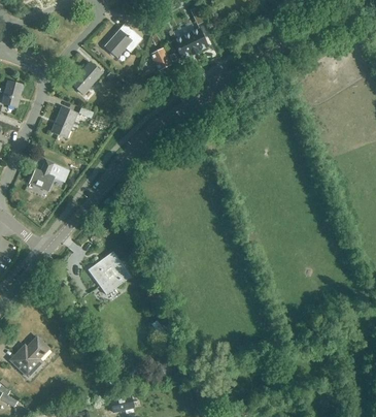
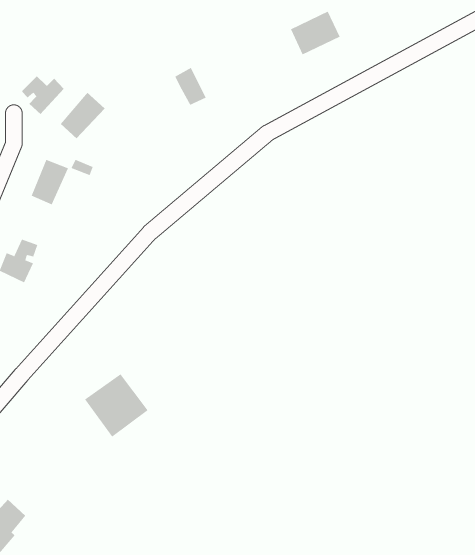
building: [104,24,142,58] -> none
building: [173,29,207,59] -> [290,11,340,55]
building: none -> [21,76,64,115]

